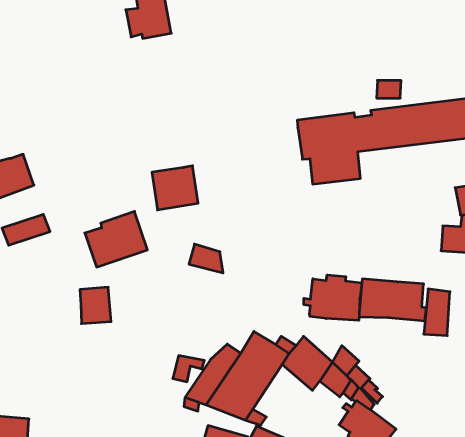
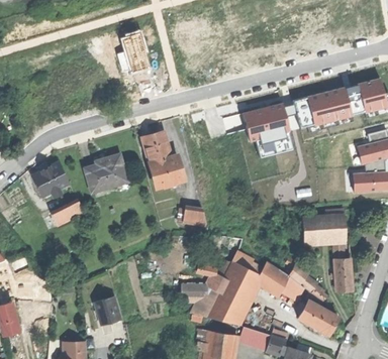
building: none -> [141,132,170,163]
building: [85,211,147,267] -> [87,150,131,192]
building: [304,275,362,320] -> none
building: [80,287,111,324] -> [95,298,119,326]
building: [424,289,450,336] -> [334,259,352,290]

